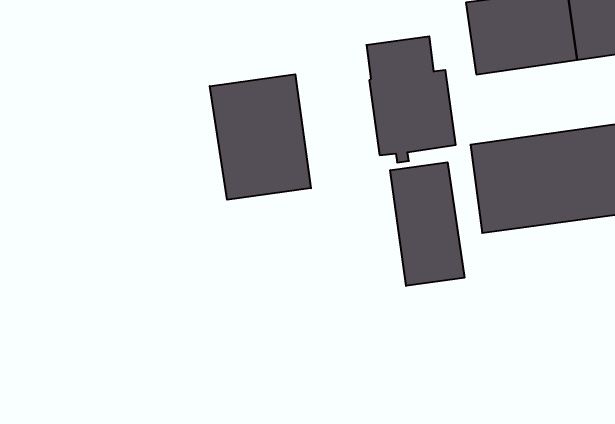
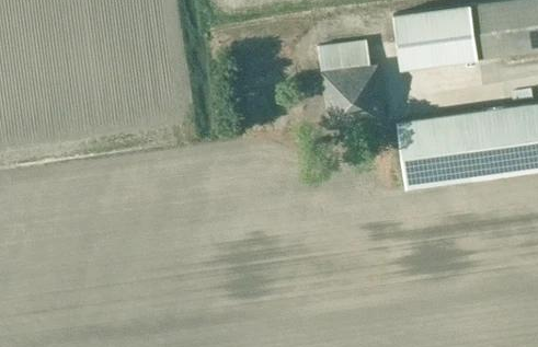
building: [210,74,311,200] -> none
building: [390,162,464,286] -> none

